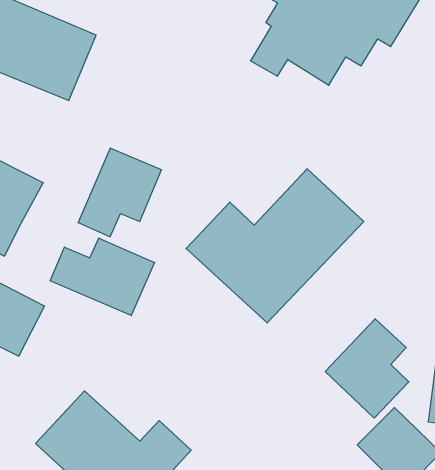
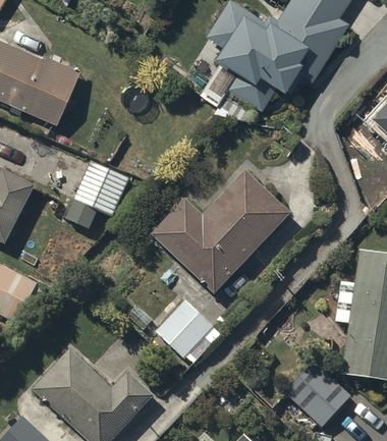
building: [50,238,155,316] -> none
building: [325,319,409,418] -> none
building: none -> [155,301,221,366]

